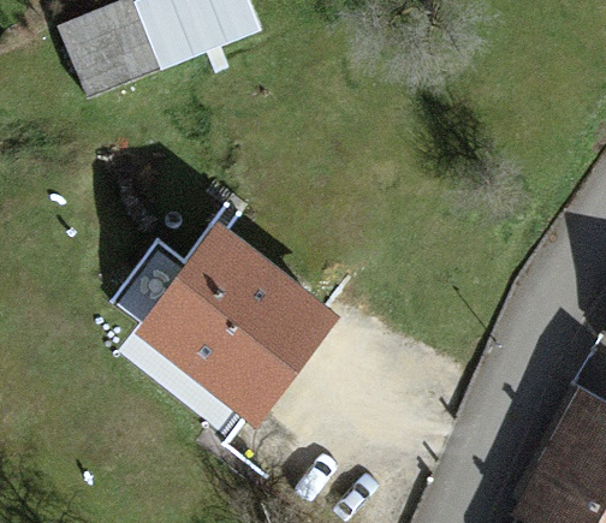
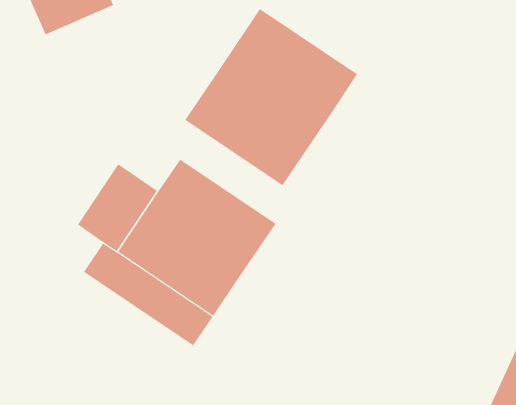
building: none -> [185,8,358,186]

